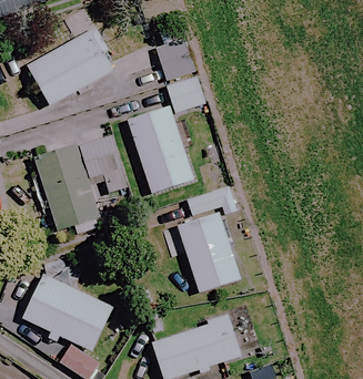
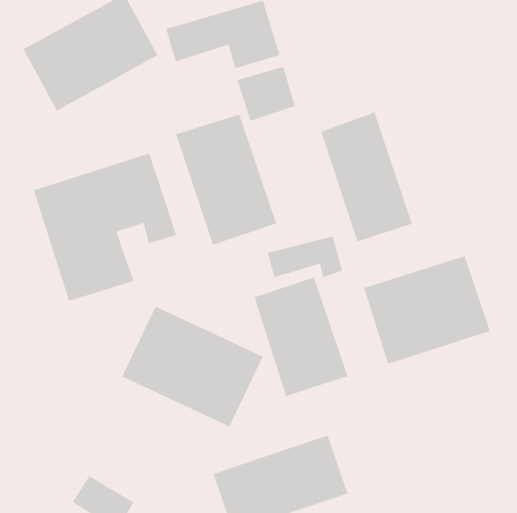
building: none -> [320,111,413,242]
building: none -> [363,255,491,365]
building: [21,270,114,350] -> [121,305,264,428]

